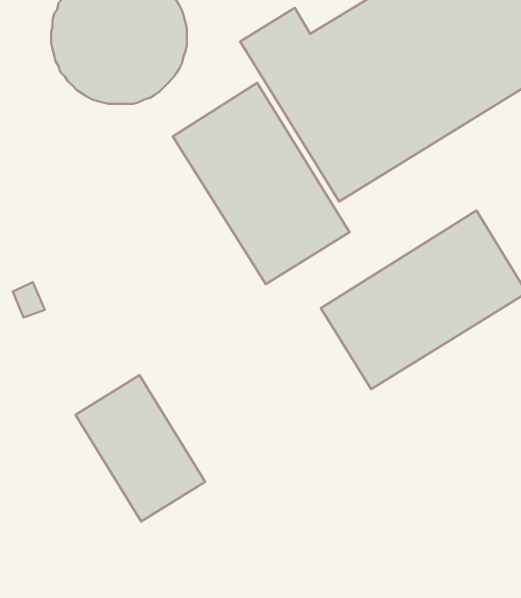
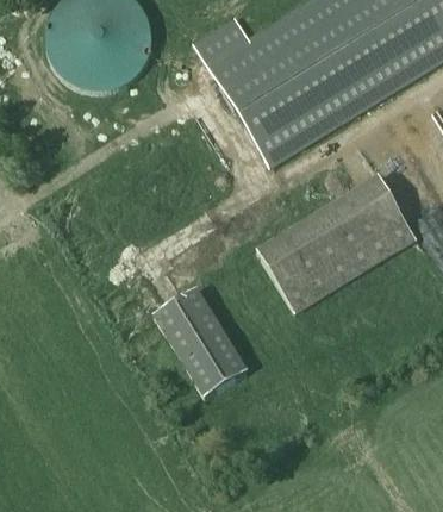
building: [173,83,349,284] -> none
building: [75,375,205,521] -> [146,287,248,401]

